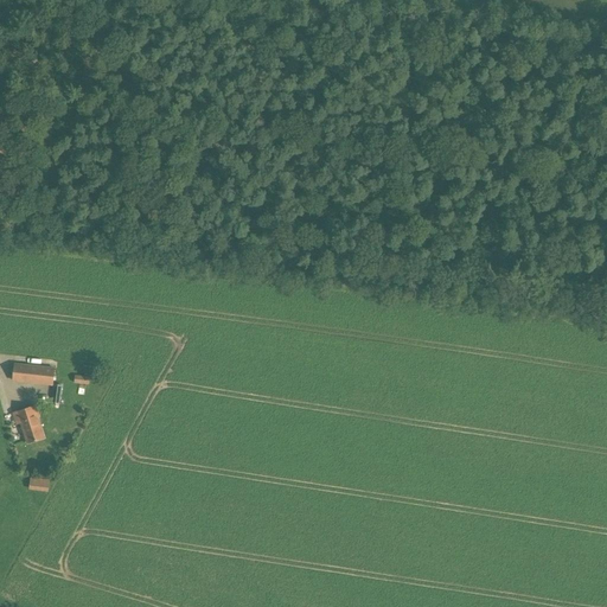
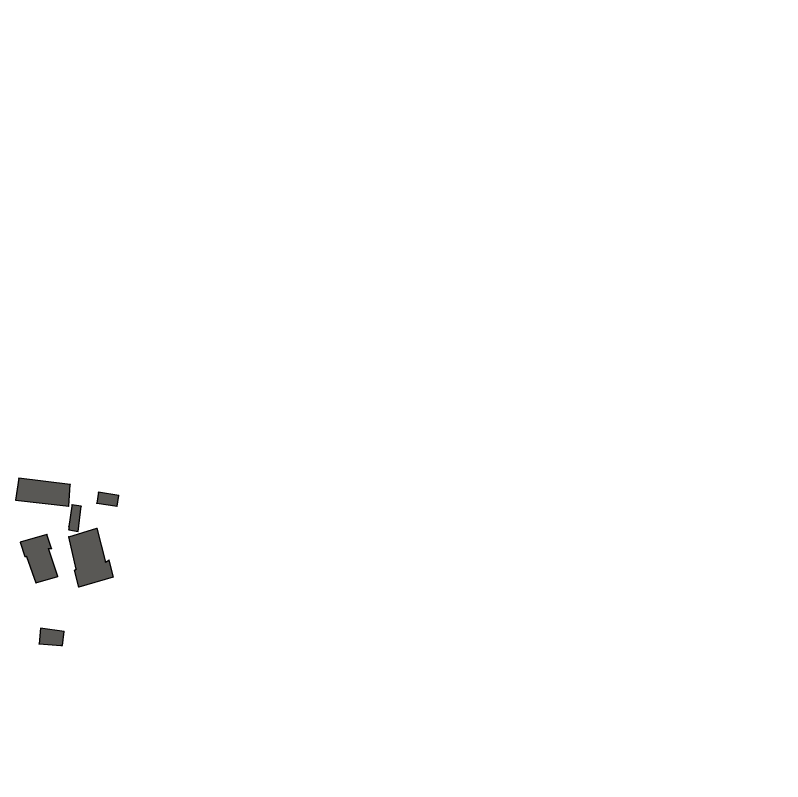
building: none -> [69,528,113,587]

